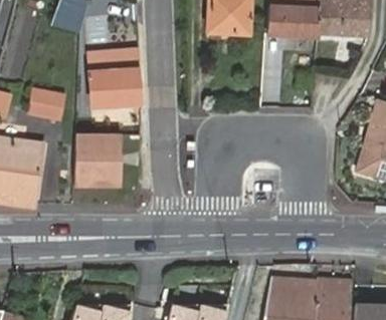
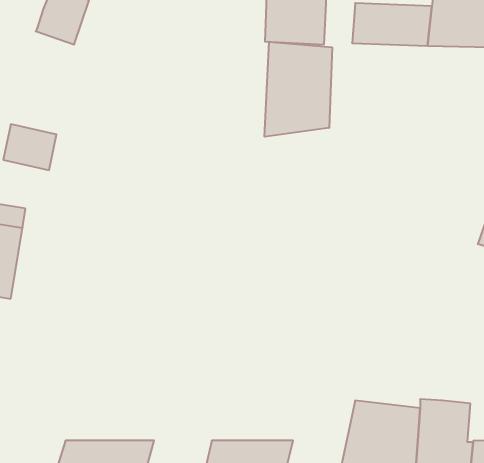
building: none -> [265,42,332,137]
building: [90,51,143,105] -> none
building: [76,136,124,188] -> none

